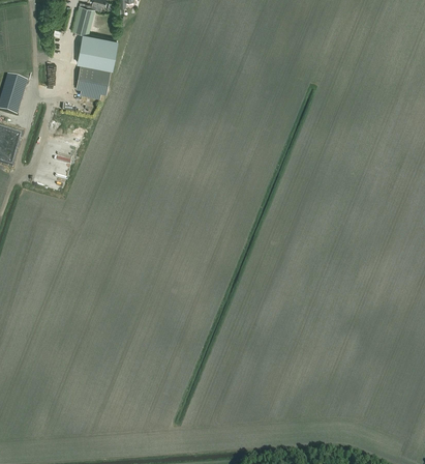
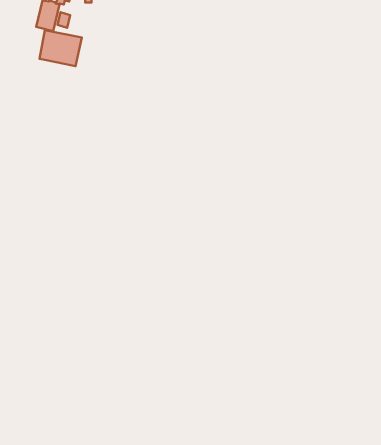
building: [75,63,111,98] -> none

